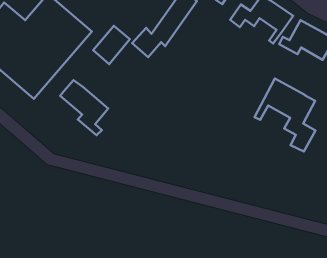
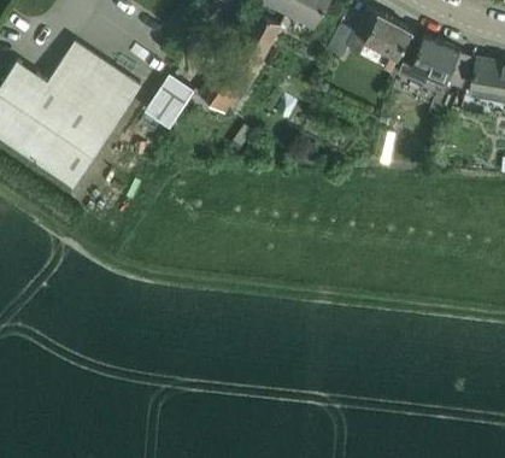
building: [255,79,315,152] -> none
building: [60,80,108,135] -> none

